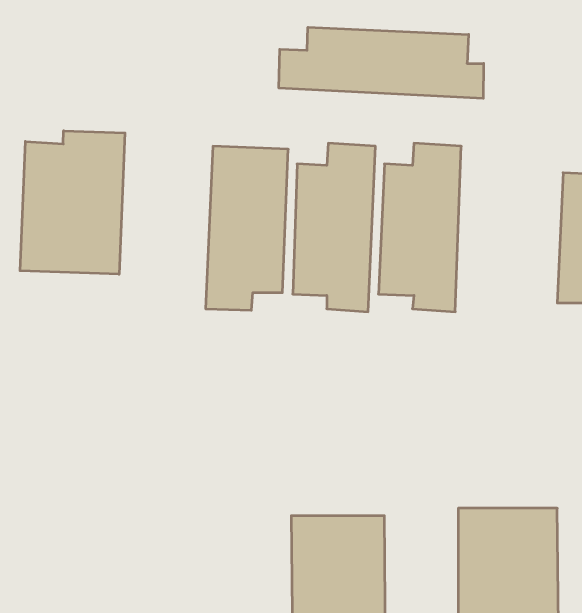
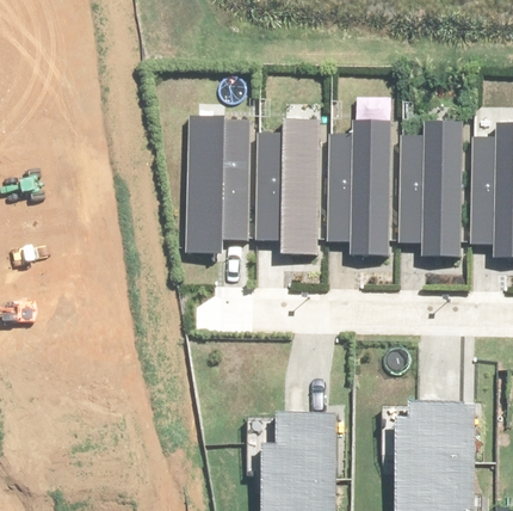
building: [279,27,484,98] -> none
building: [20,131,125,274] -> none
building: none -> [397,121,464,256]

